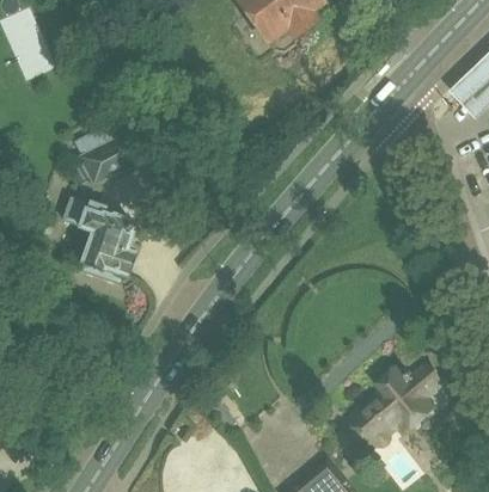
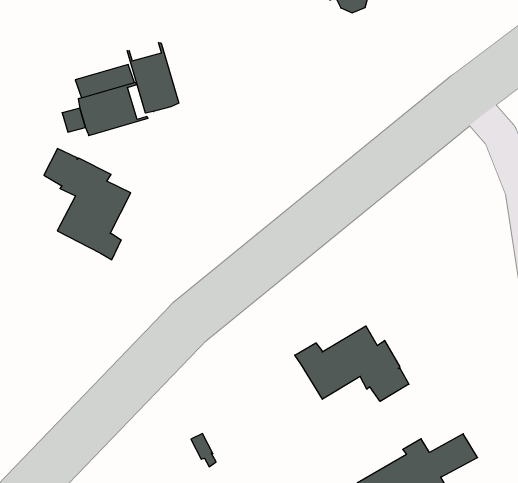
building: none -> [127,43,179,113]
building: none -> [295,326,409,401]

